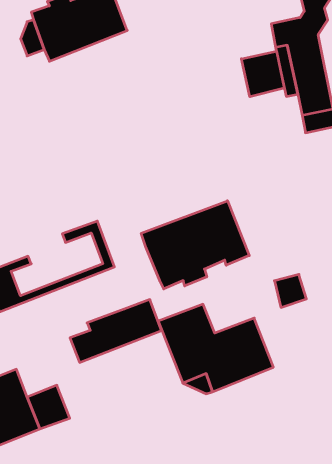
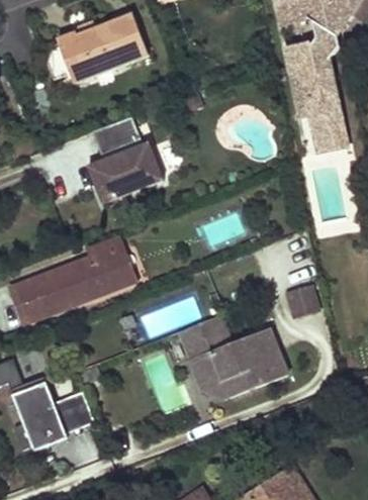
building: [241,51,284,97] -> none
building: none -> [86,116,162,203]
building: [141,201,249,289] -> none
building: [70,300,162,362] -> [38,247,125,307]

